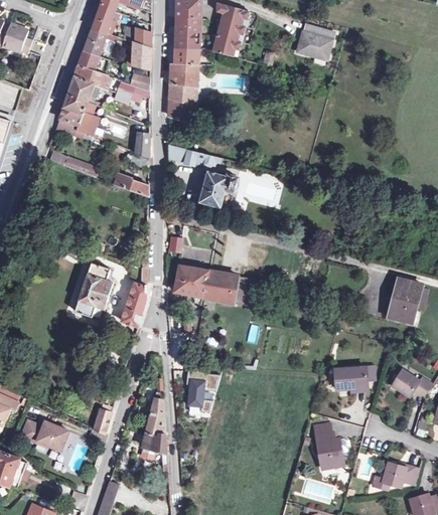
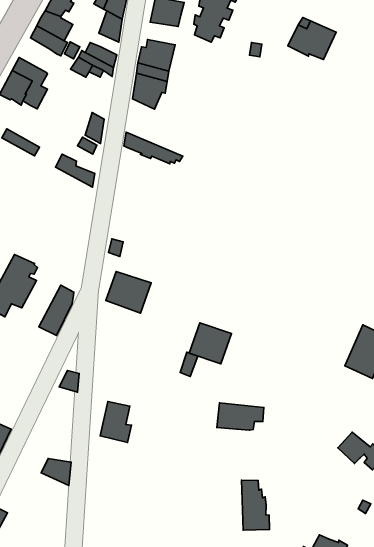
building: [174,48,198,64] -> none
building: [67,77,99,105] -> none
building: [199,172,239,206] -> none
building: [204,270,238,302] -> [189,323,231,364]
building: [332,366,372,389] -> [217,403,264,430]
building: [145,375,165,433] -> none

